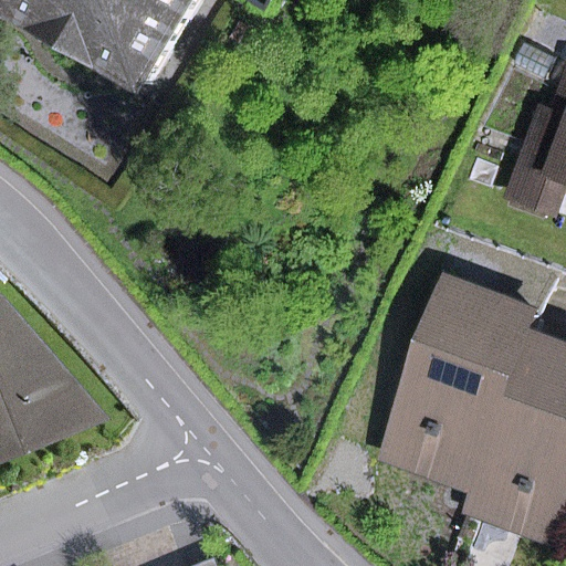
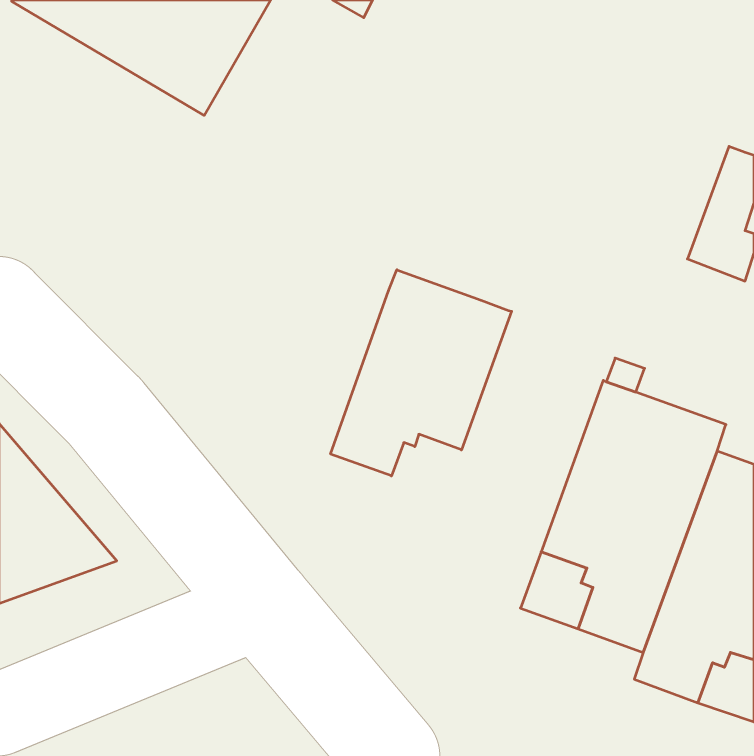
building: none -> [331,270,512,476]

